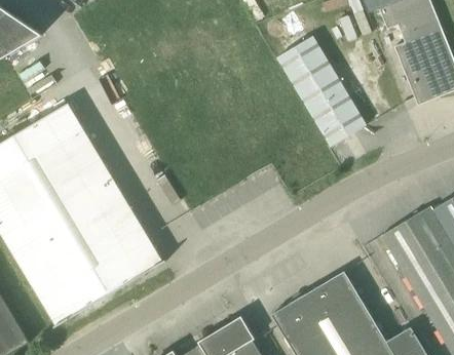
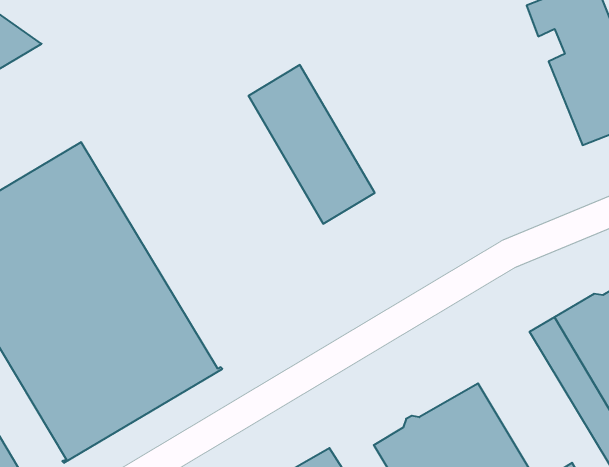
building: [277,36,366,147] -> [248,65,375,224]

